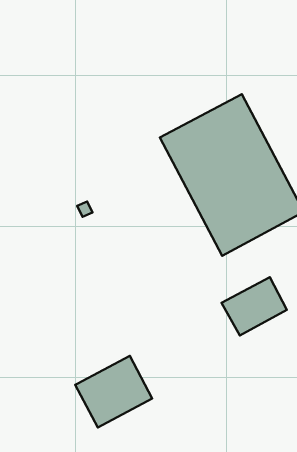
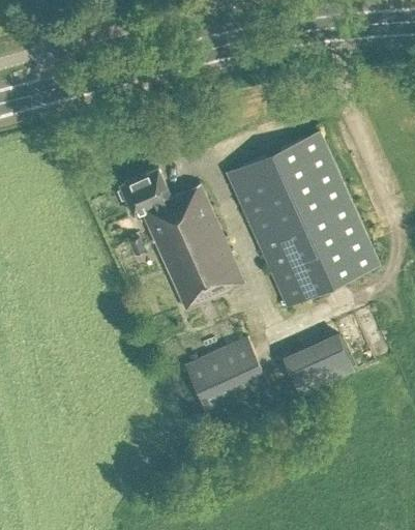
building: none -> [118,169,240,308]
building: [75,356,152,428] -> [185,338,269,415]

